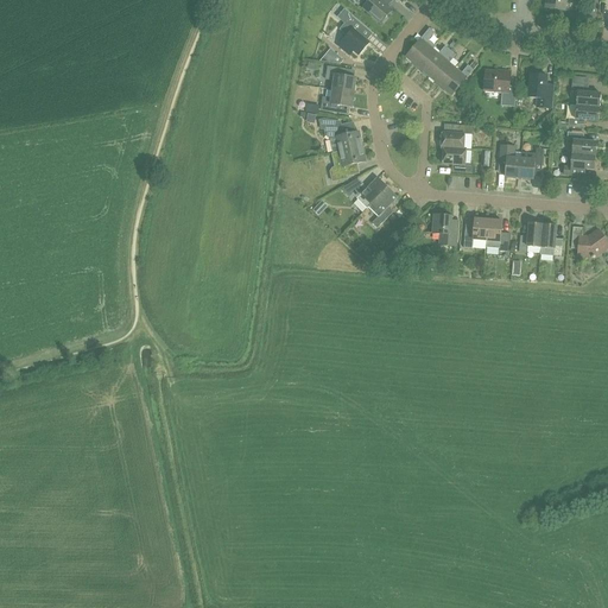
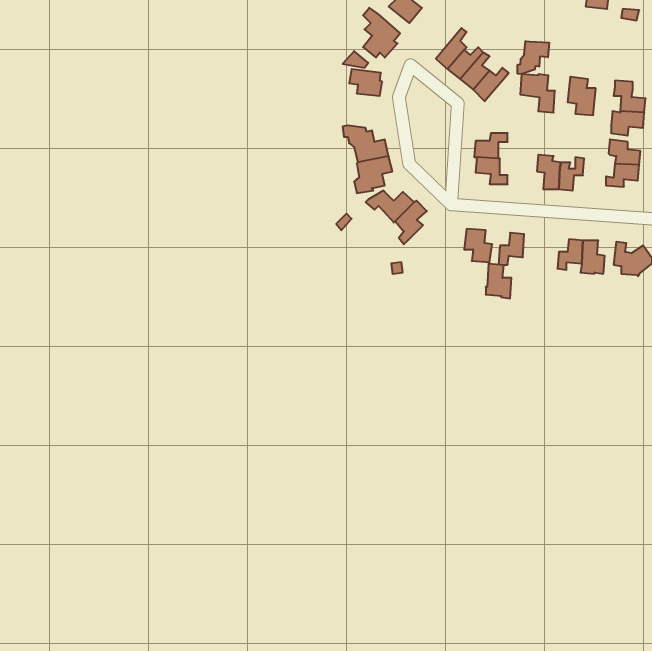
building: none -> [518,41,549,74]
building: [319,87,353,113] -> none
building: [484,217,508,249] -> [486,264,511,298]

